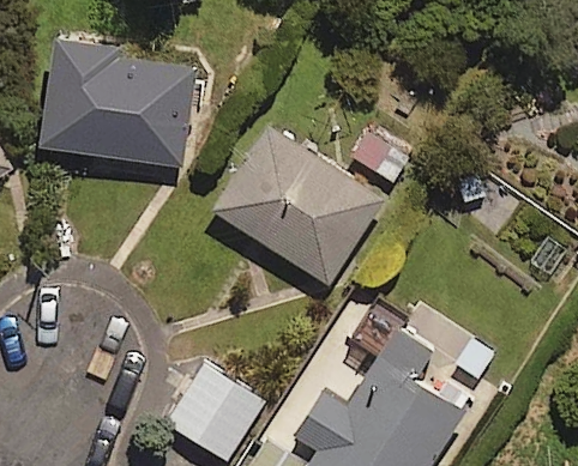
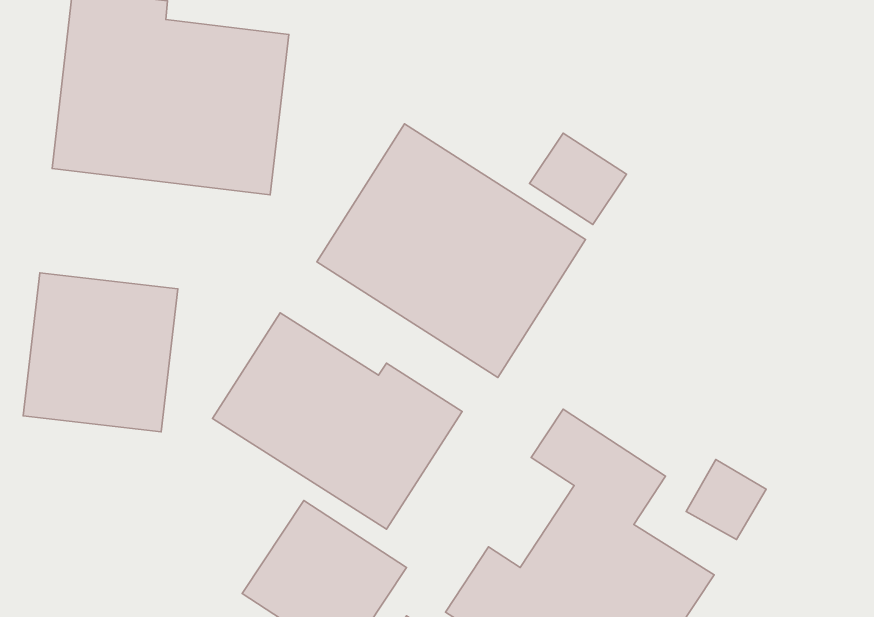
building: none -> [23,273,178,432]
building: none -> [212,313,462,529]

